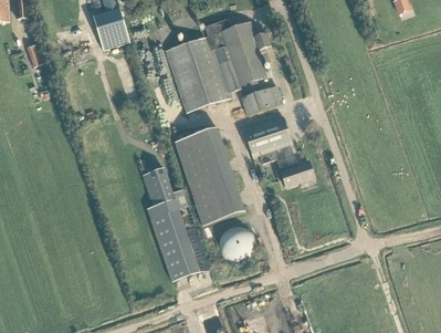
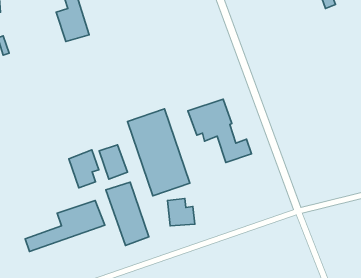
building: [165,19,274,115] -> none
building: none -> [69,150,99,188]
building: none -> [25,200,105,252]

